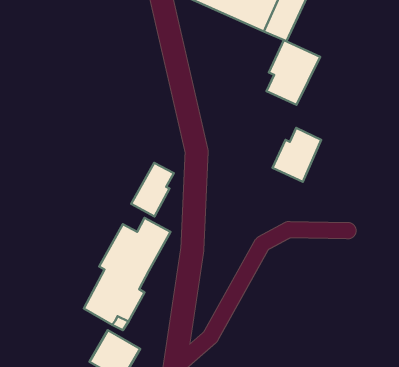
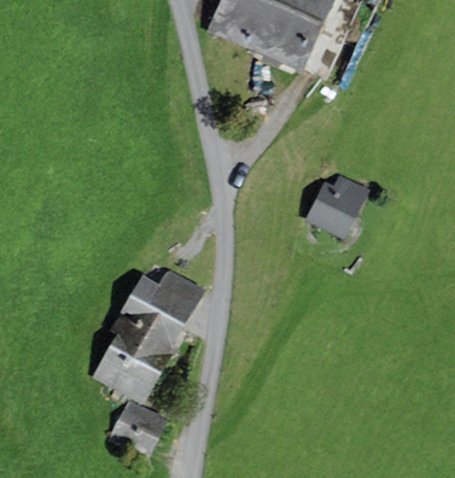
building: [267,40,320,105] -> none
building: [131,163,174,216] -> none

